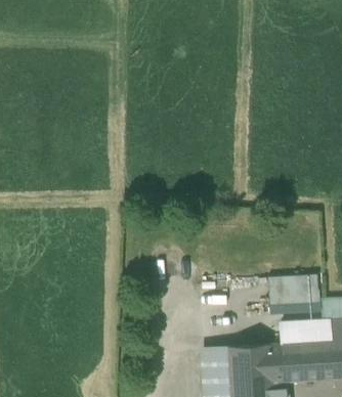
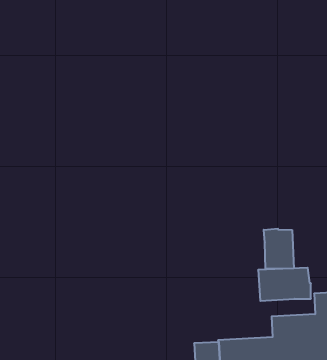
building: none -> [264,229,294,269]

